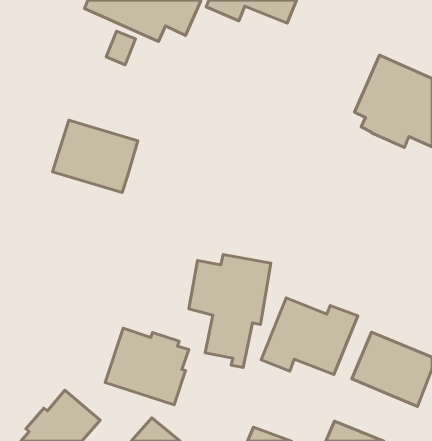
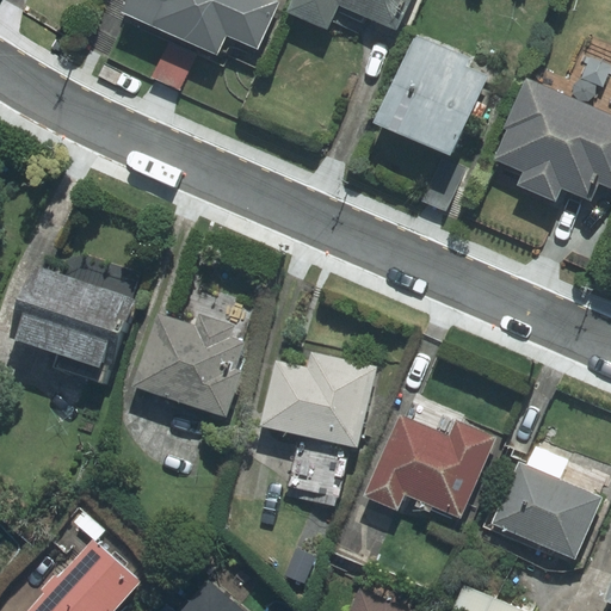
building: none -> [374,32,494,158]
building: [52,120,138,192] -> [18,265,136,365]
building: [105,328,189,405] -> [131,311,247,418]

